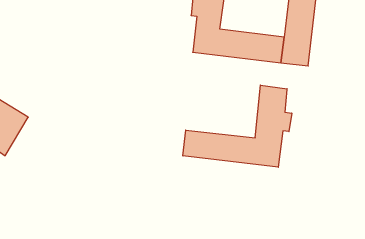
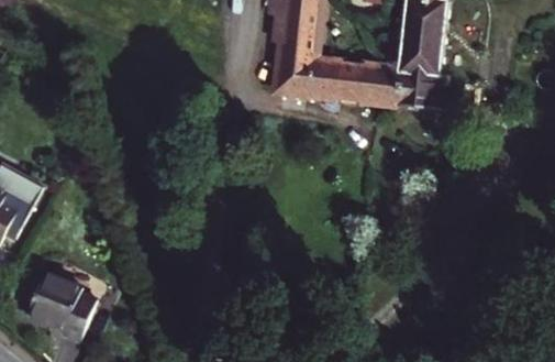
building: [183,85,292,167] -> none
building: none -> [22,265,92,340]

